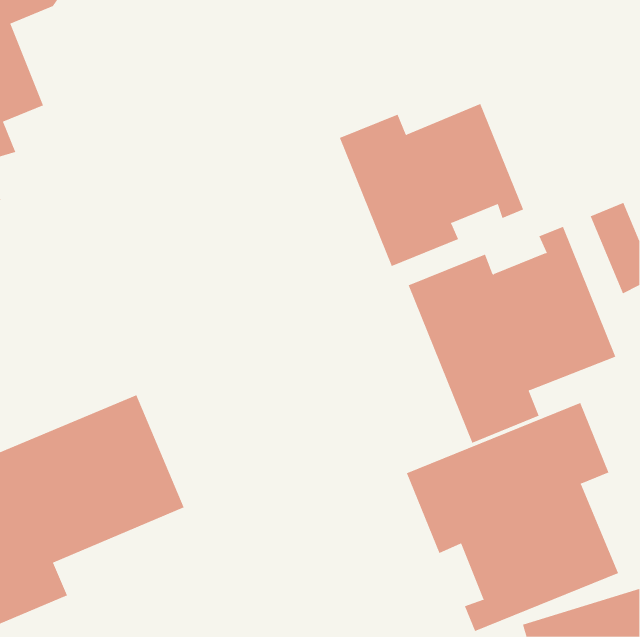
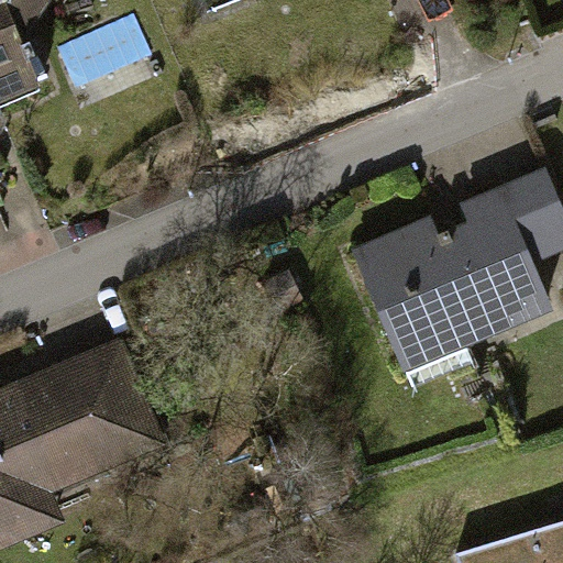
building: [339,103,524,267] -> none
building: [406,402,619,632] -> none

